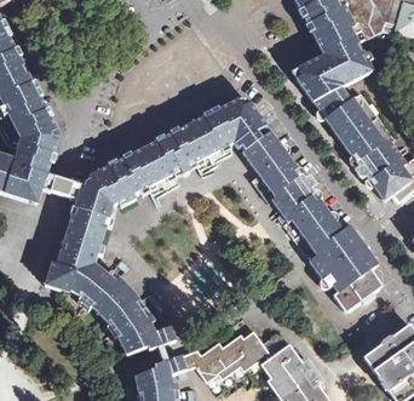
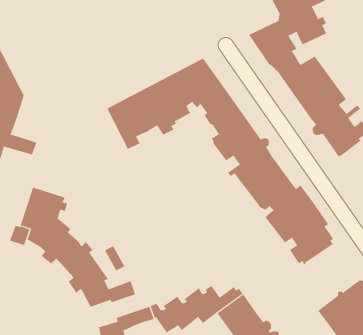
building: [69,147,167,239] -> none

